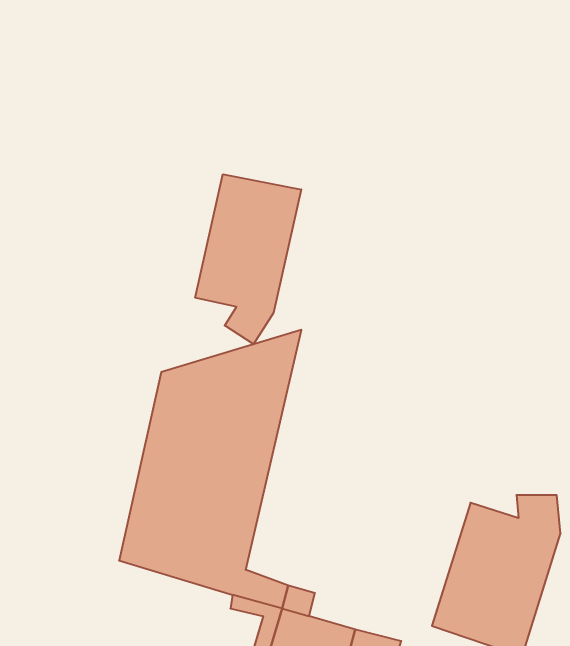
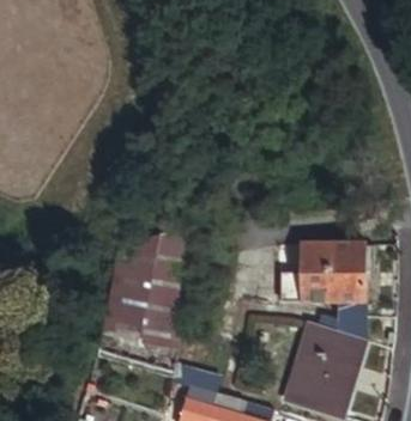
building: [195,174,301,344] -> none
building: none -> [279,242,367,317]

